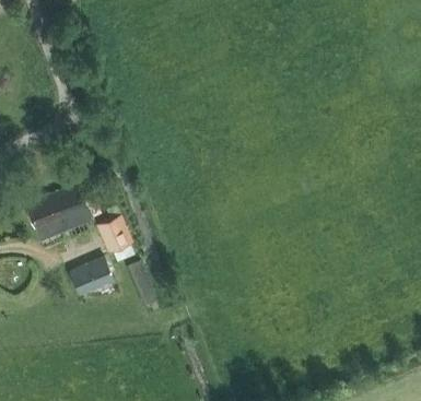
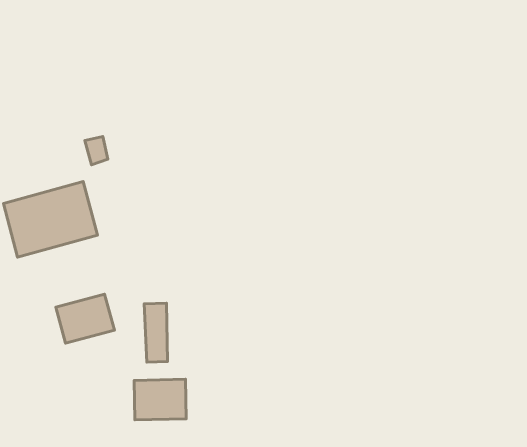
building: [96,214,135,262] -> none
building: none -> [134,379,186,420]

